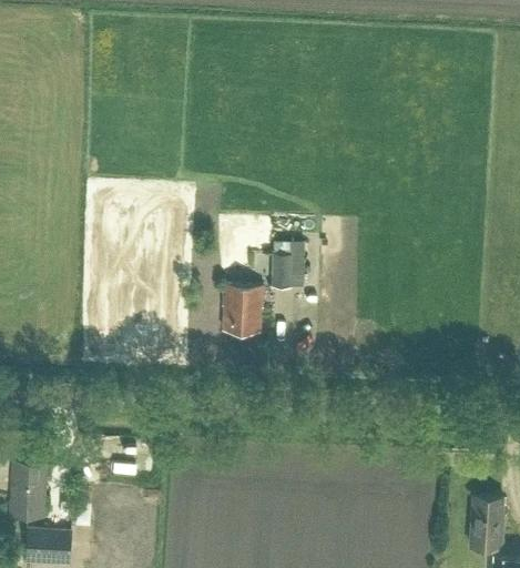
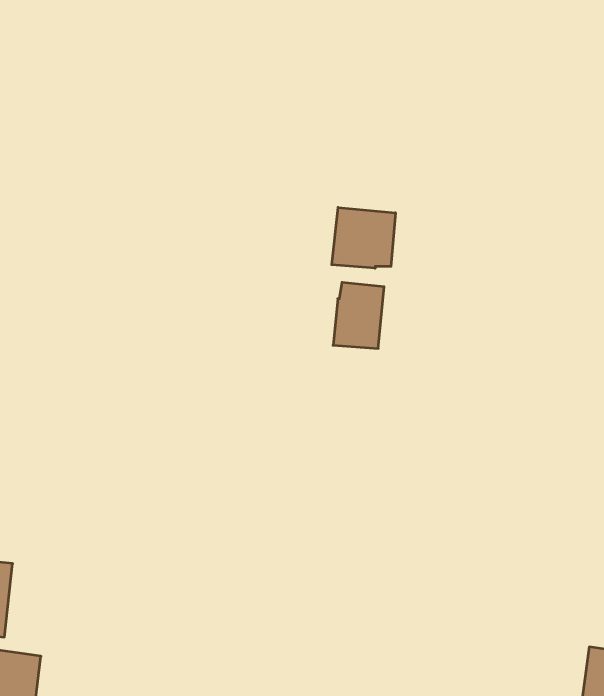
building: none -> [332,207,395,268]
building: [222,285,262,334] -> none

